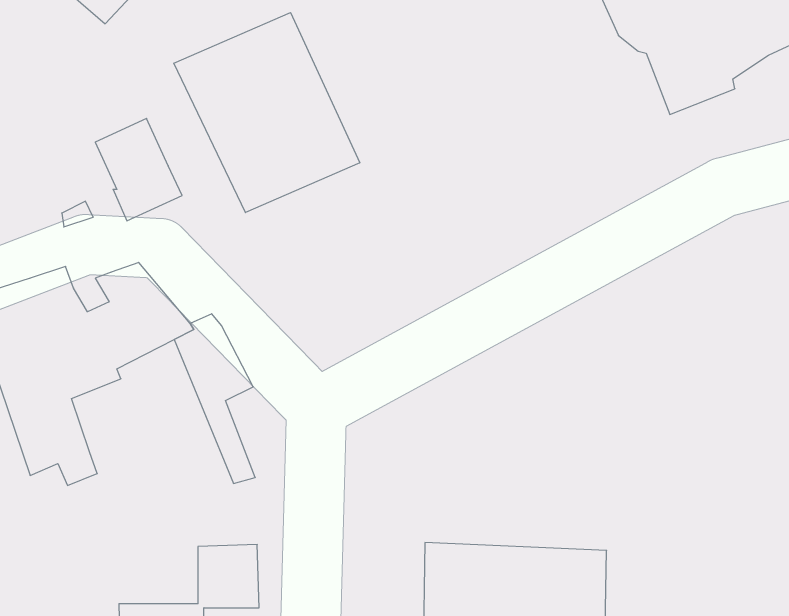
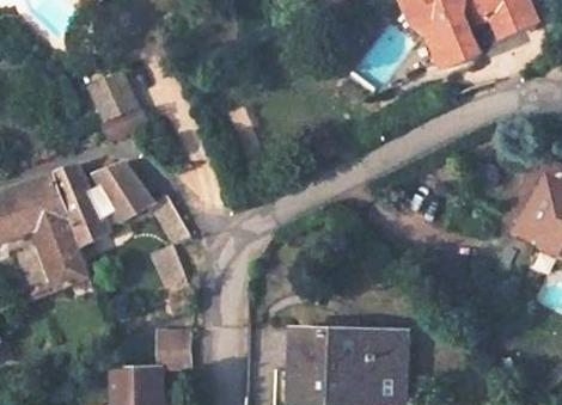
building: [174,13,360,213] -> none

